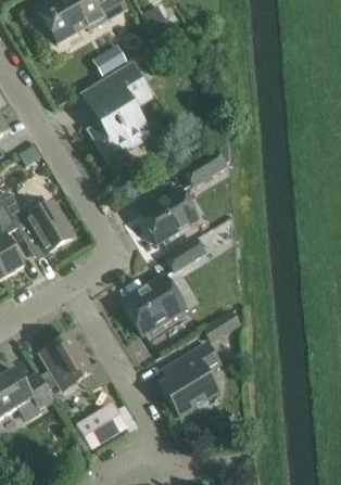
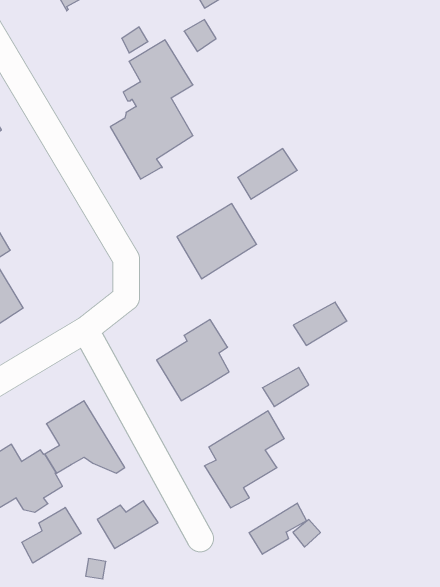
building: [12,203,72,252] -> none
building: [165,239,205,271] -> [293,302,347,345]
building: none -> [249,503,306,554]
building: none -> [22,507,81,563]

